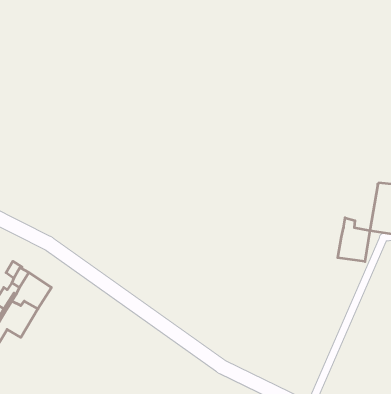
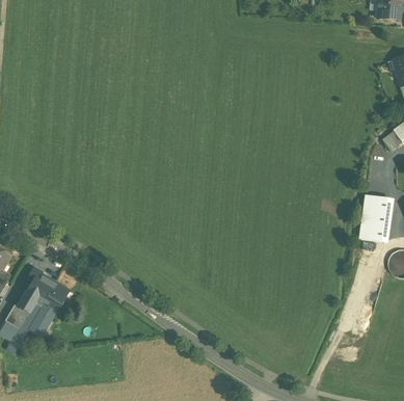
building: [338,218,370,262] -> none

